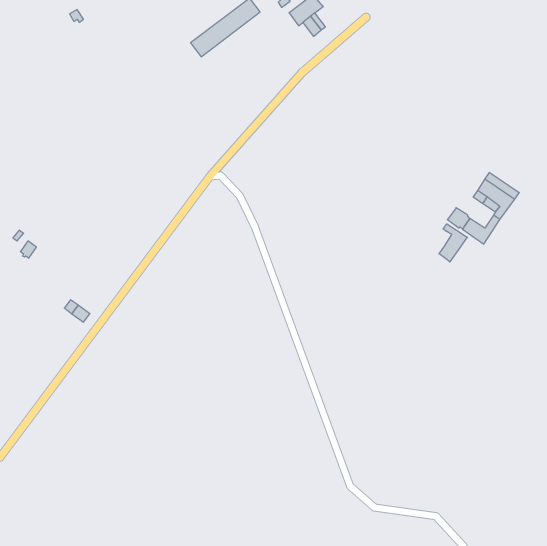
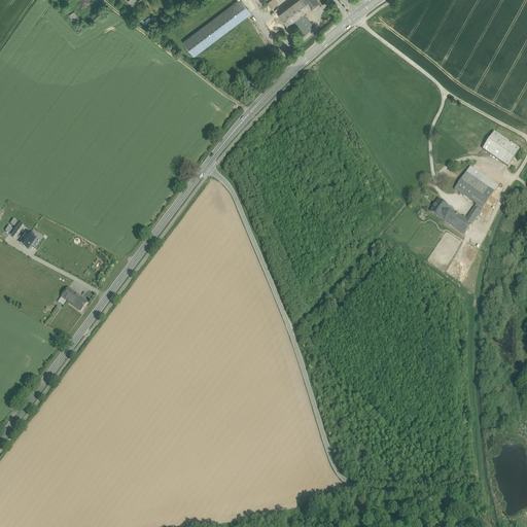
building: none -> [483,132,520,166]
building: [439,224,467,262] -> none

